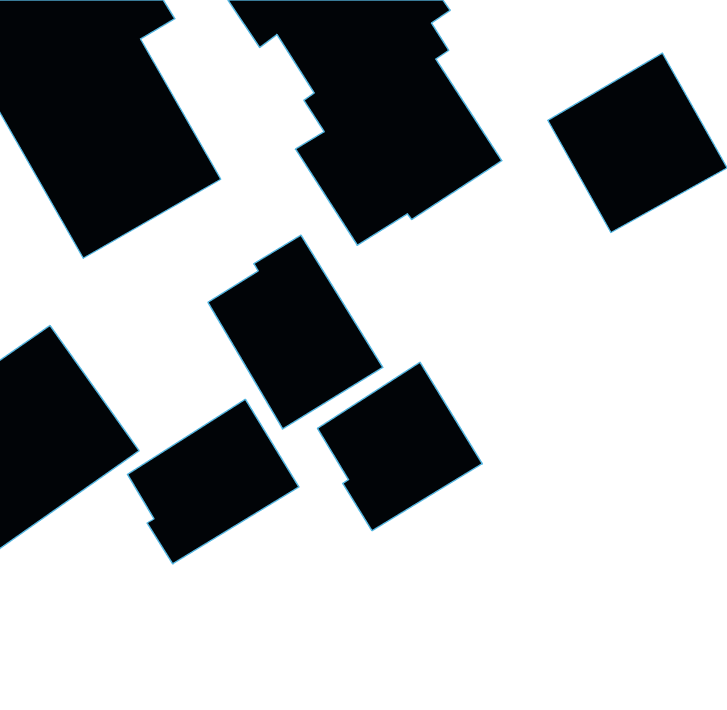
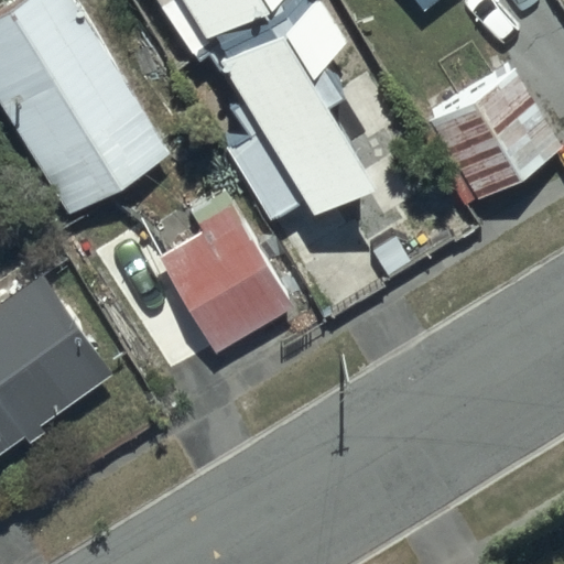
building: [318,362,482,531] -> none
building: [127,399,299,564] -> none

